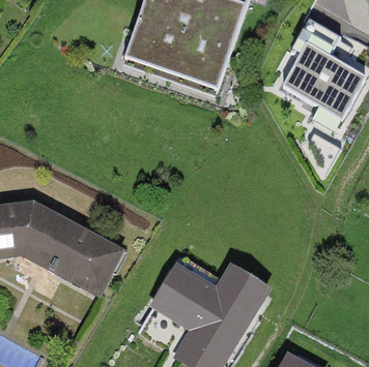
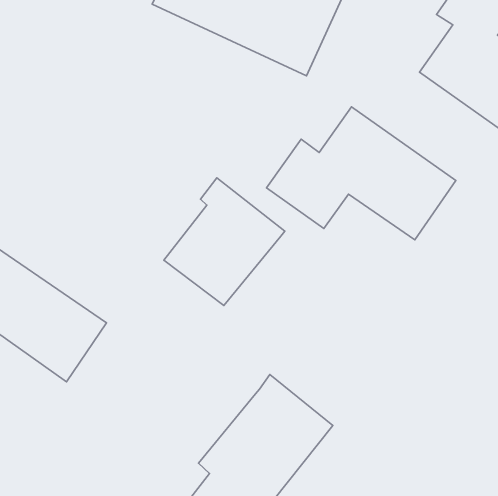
building: none -> [266,107,456,240]
building: [144,254,214,329] -> [164,178,285,305]

